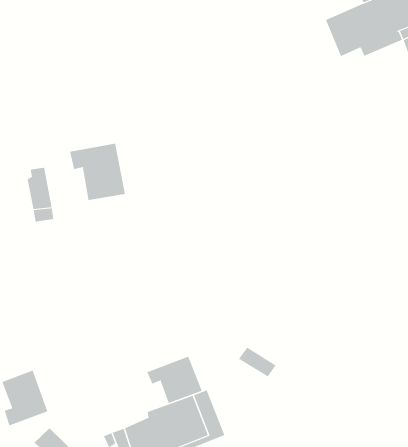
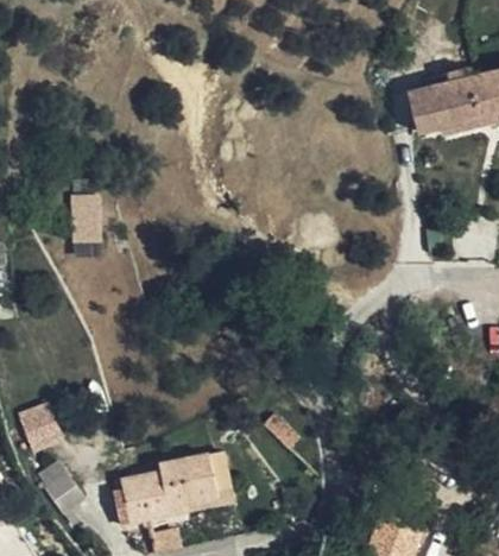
building: [69,143,125,201] -> none
building: [147,356,203,404] -> none

